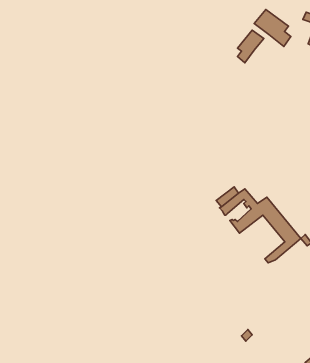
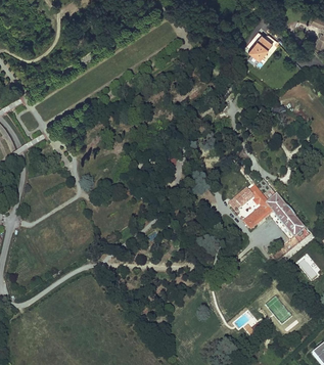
building: [254,9,291,47] -> none

